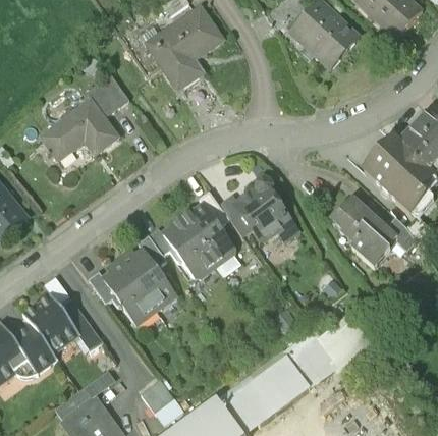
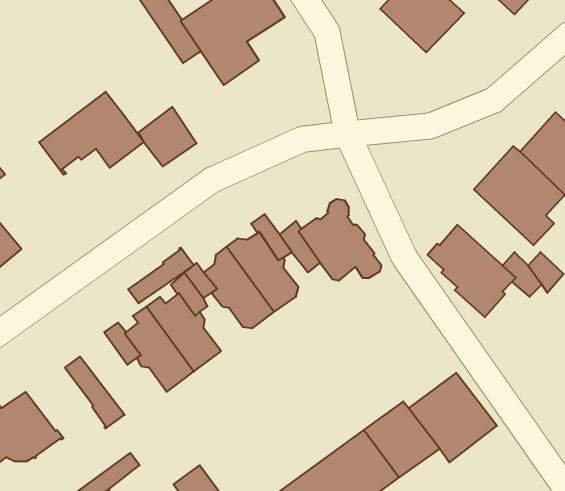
building: [85,71,128,116] -> [138,107,197,166]
building: none -> [128,248,194,303]
building: [21,291,79,352] -> none

